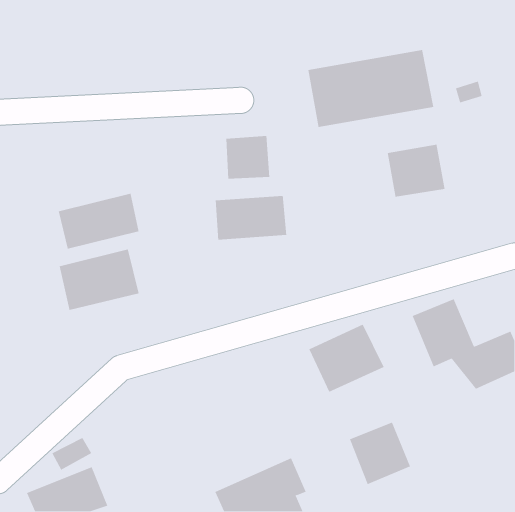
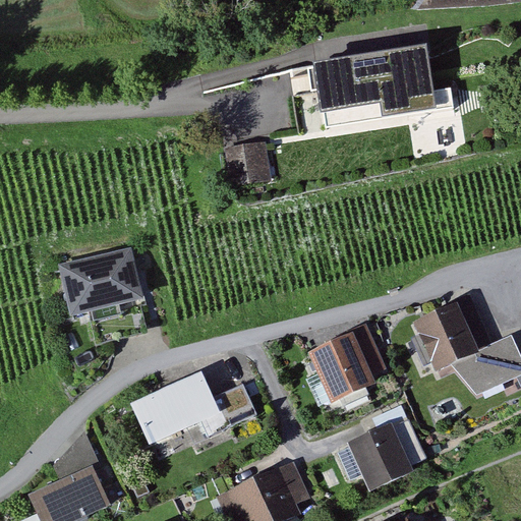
building: [387,144,445,197] -> none
building: [58,193,139,249] -> none
building: [215,195,287,241] -> none
building: none -> [127,371,257,445]

